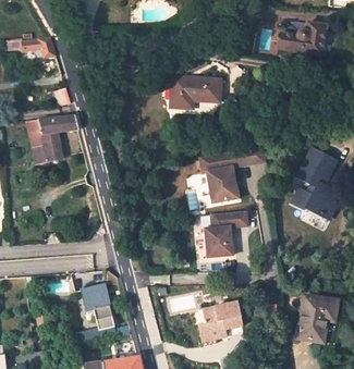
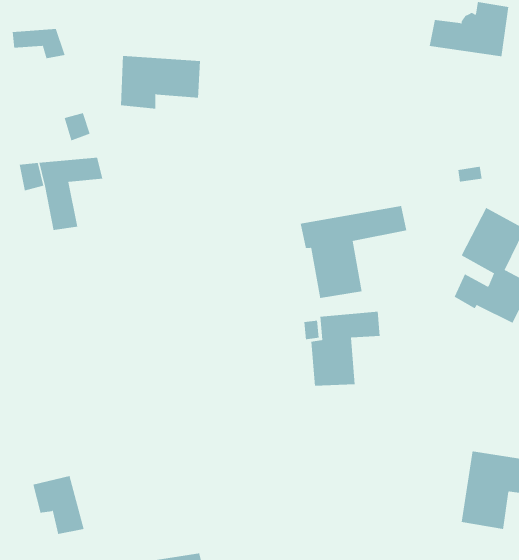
building: [171,76,220,109] -> [120,55,201,109]
building: [81,284,112,320] -> [33,476,84,535]
building: [197,300,242,342] -> none

